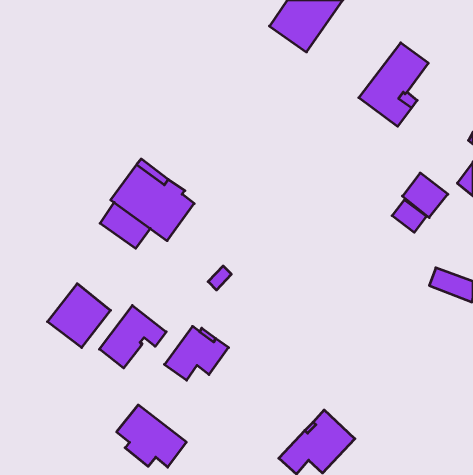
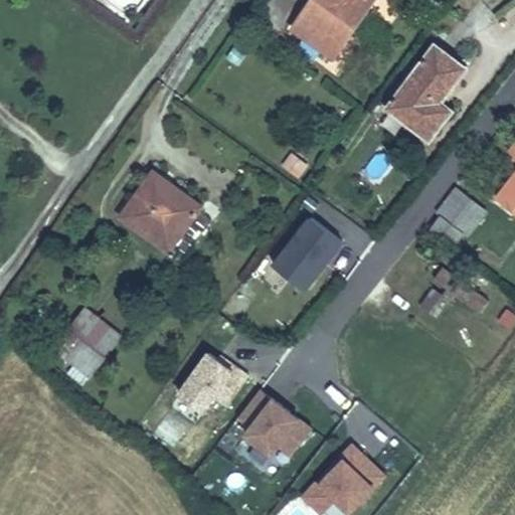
building: [100,202,150,248] -> none
building: none -> [275,224,335,287]
building: [99,305,166,368] -> none
building: [117,405,186,467] -> [235,388,311,456]

